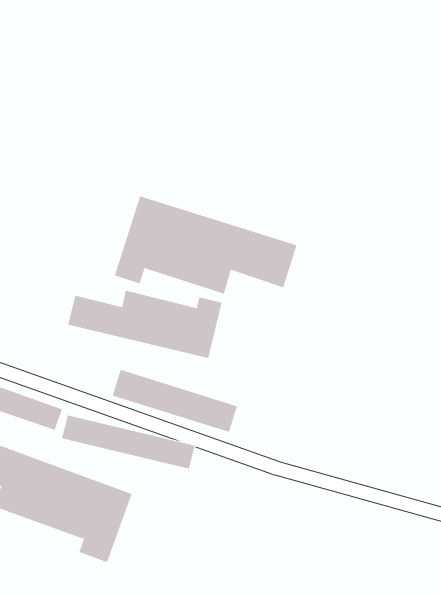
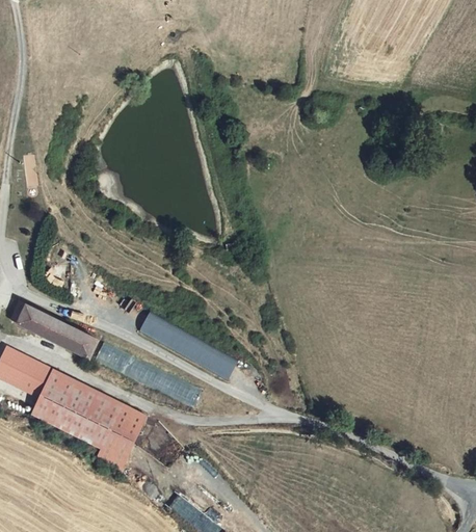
building: [114,195,297,294] -> none
building: [68,290,222,359] -> none

